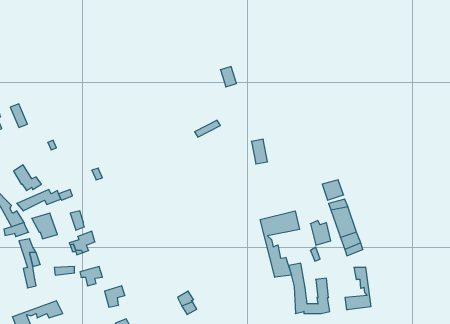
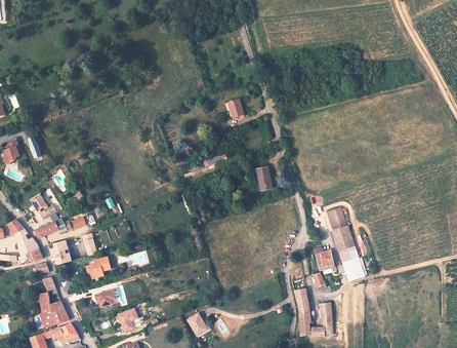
building: [260,211,299,277] -> none
building: [345,267,371,310] -> none
building: none -> [39,300,71,328]

